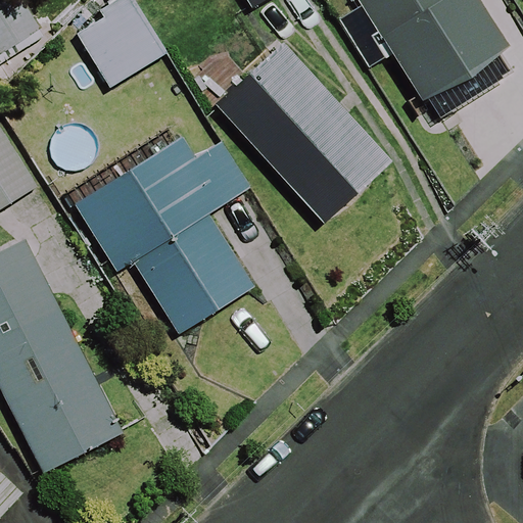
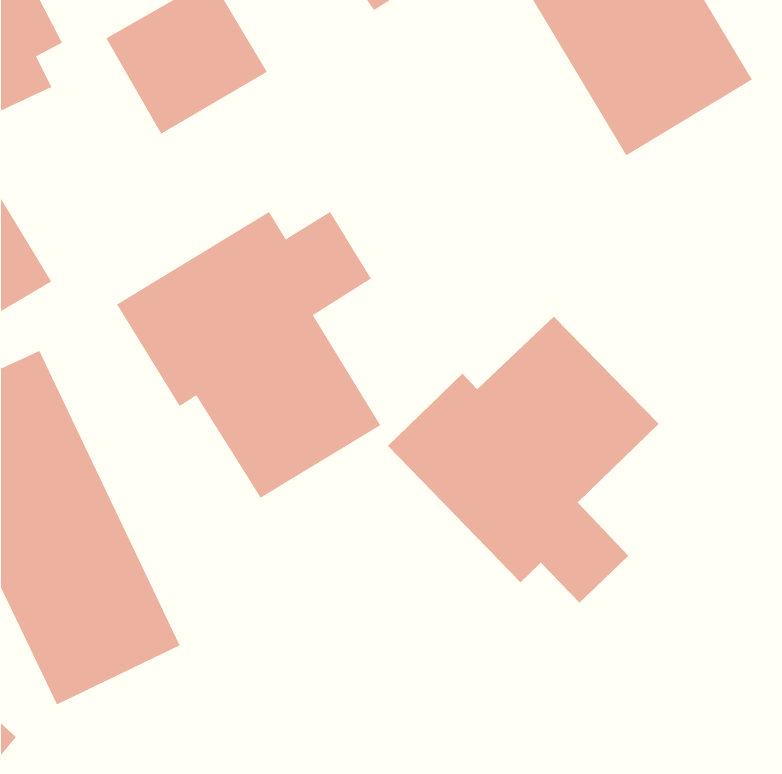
building: [212,42,393,225] -> none
building: none -> [387,316,659,604]

